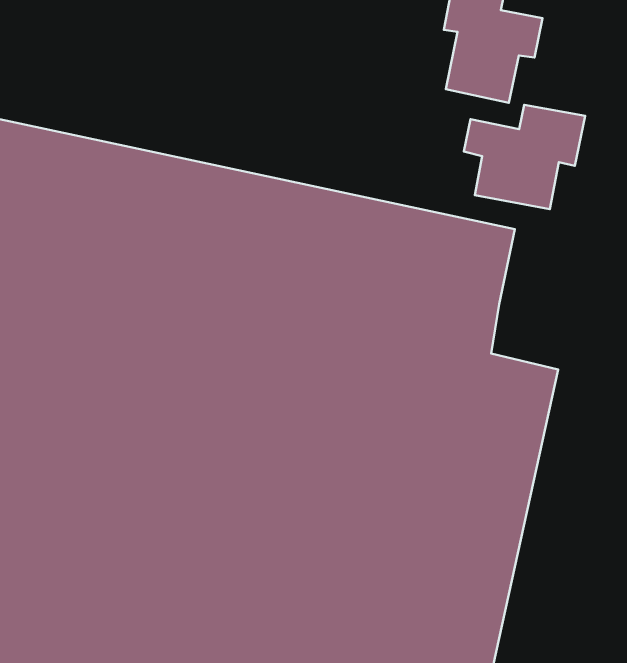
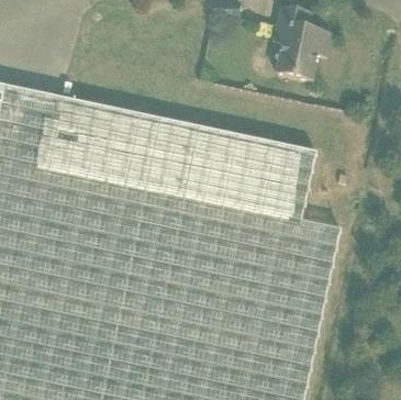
building: [464,105,585,209] -> none

